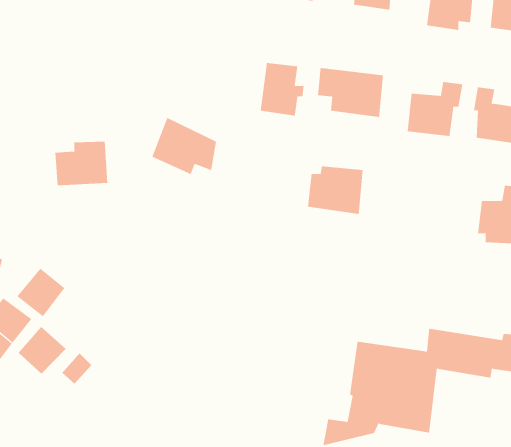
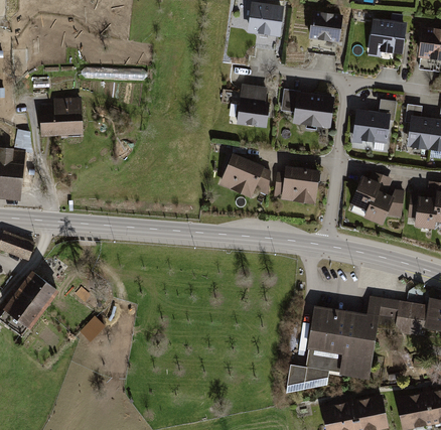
building: [152,117,217,175] -> [219,153,271,198]
building: [54,141,108,186] -> [39,98,82,133]
building: none -> [351,173,404,227]
building: [16,268,65,317] -> none
building: [18,326,67,375] -> none

